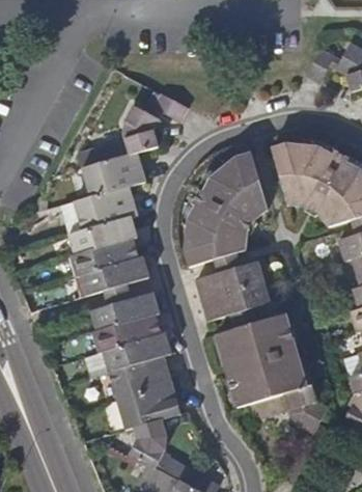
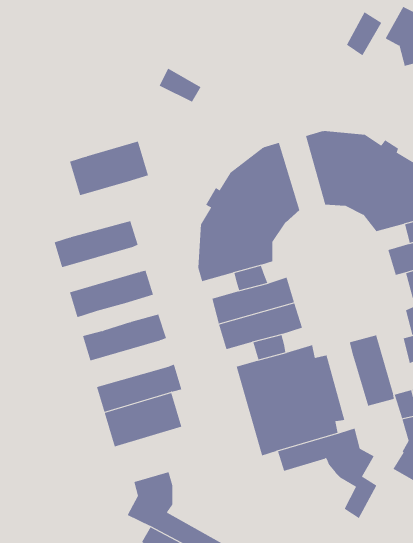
building: [90,105,159,164] -> none
building: [74,185,137,229] -> none
building: [71,238,138,276] -> none
building: none -> [349,334,394,406]
building: [92,313,161,352] -> none
building: [117,383,180,430] -> none

